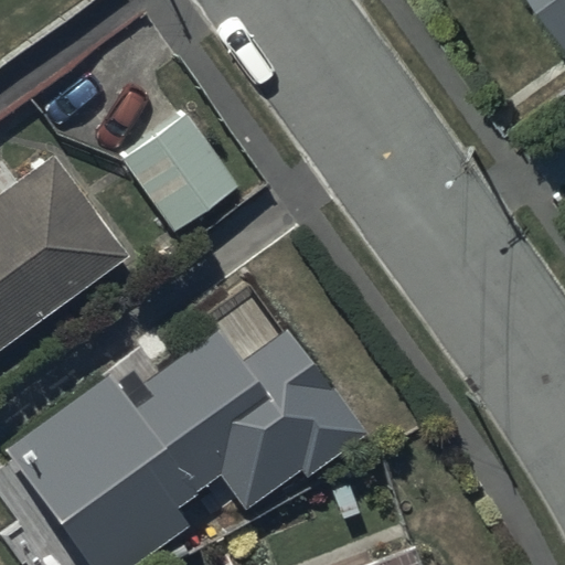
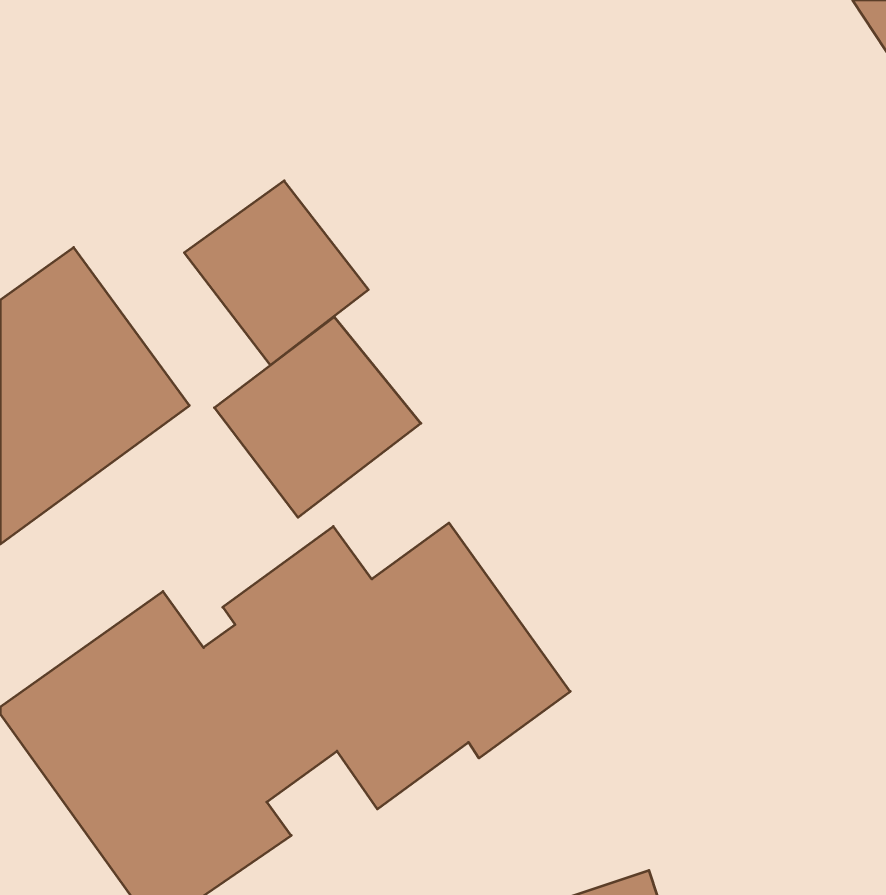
building: none -> [214,317,421,517]

